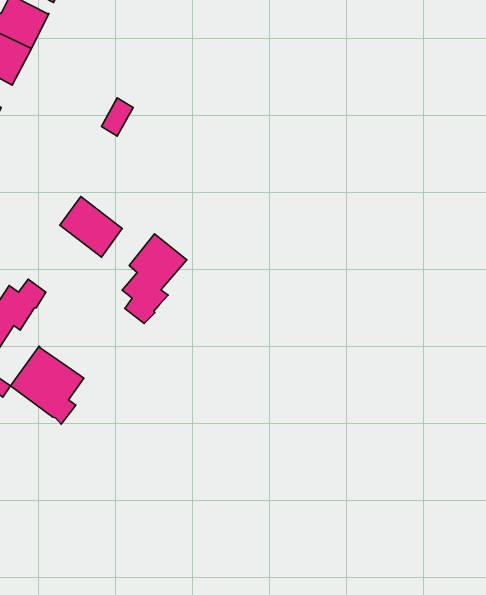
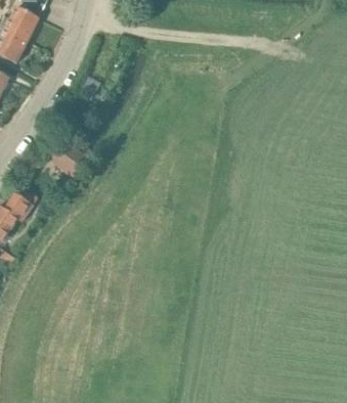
building: [122,234,187,323] -> none
building: [11,346,84,424] -> none

